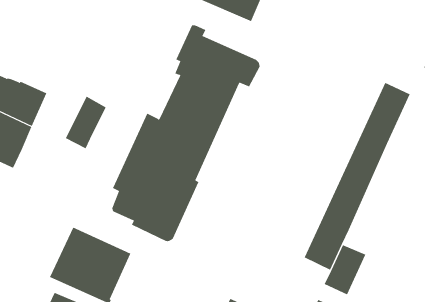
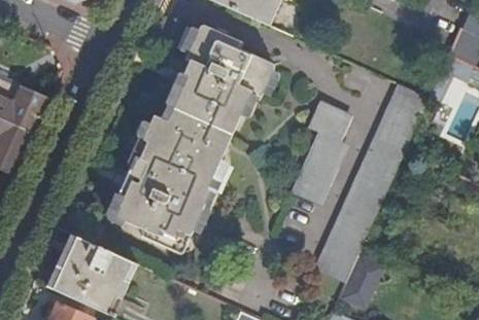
building: [65,96,107,149] -> none
building: none -> [289,101,347,204]

